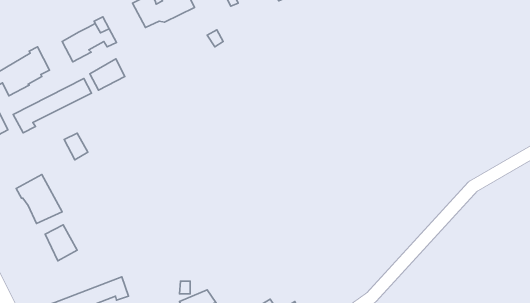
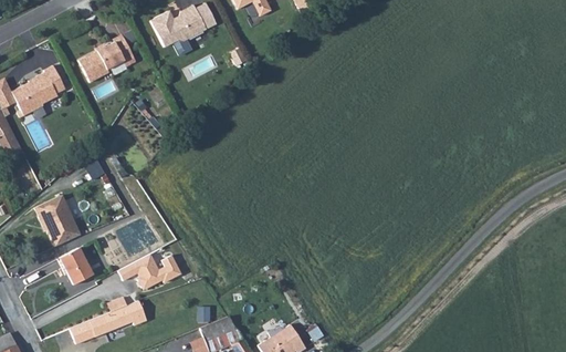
building: [90,59,125,90] -> none
building: [13,79,92,133] -> none
building: none -> [118,253,181,288]

